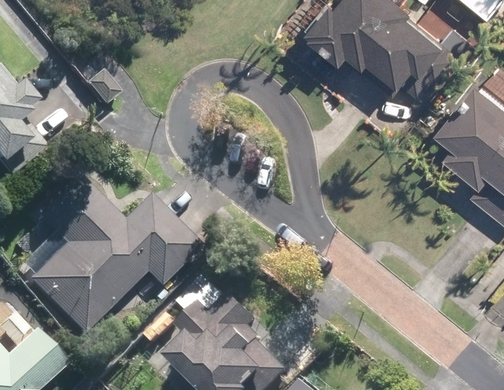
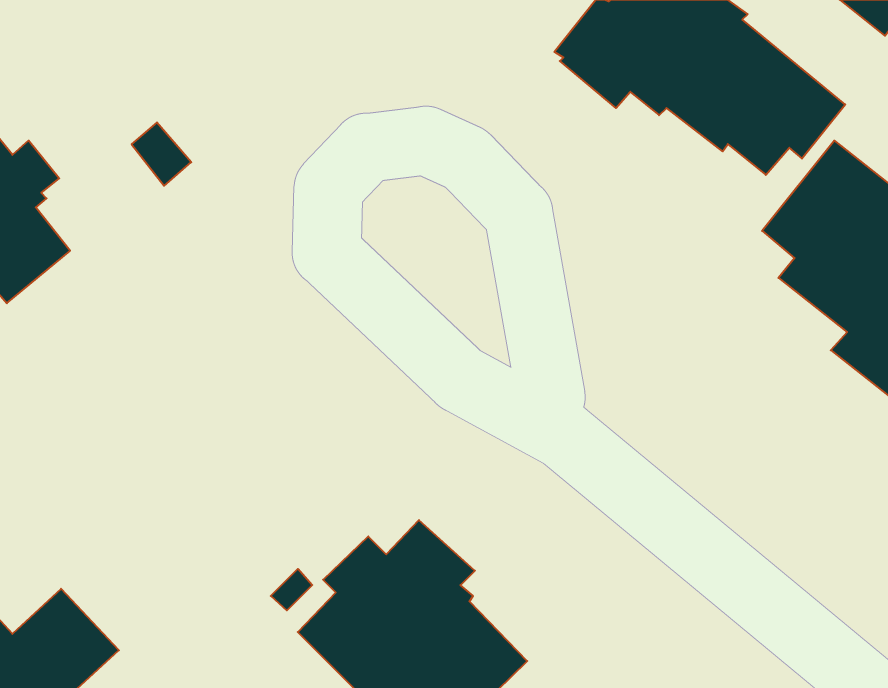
building: [30,173,201,332] -> none

